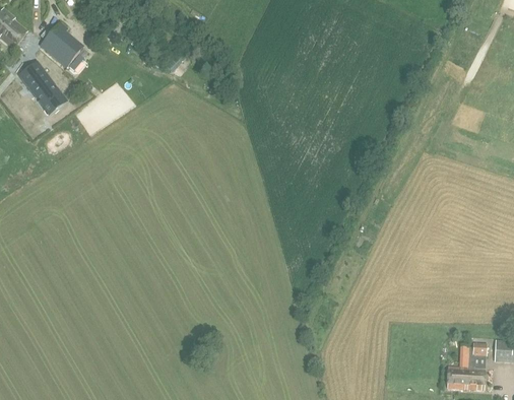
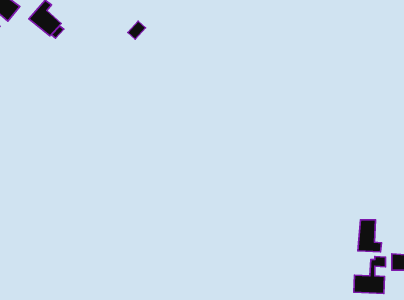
building: [17,61,61,105] -> none
building: none -> [358,220,381,252]

